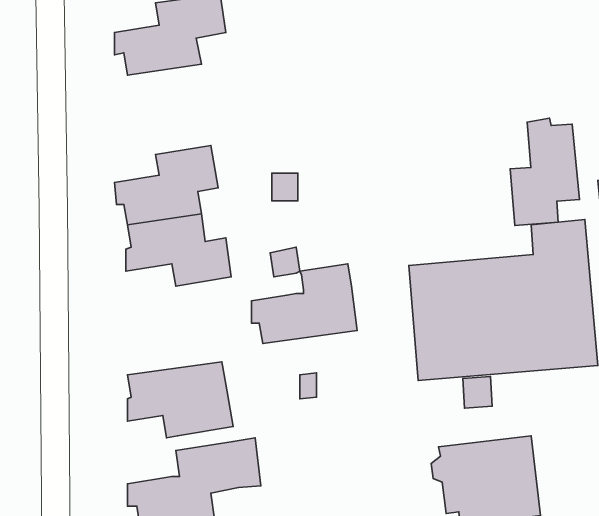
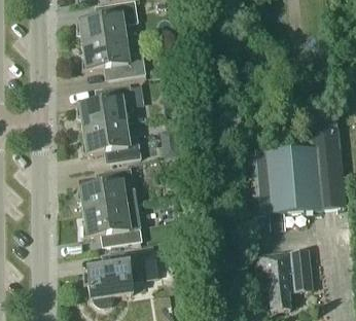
building: none -> [83,39,147,79]
building: [510,118,580,225] -> none
building: [252,264,357,343] -> [78,168,137,212]

